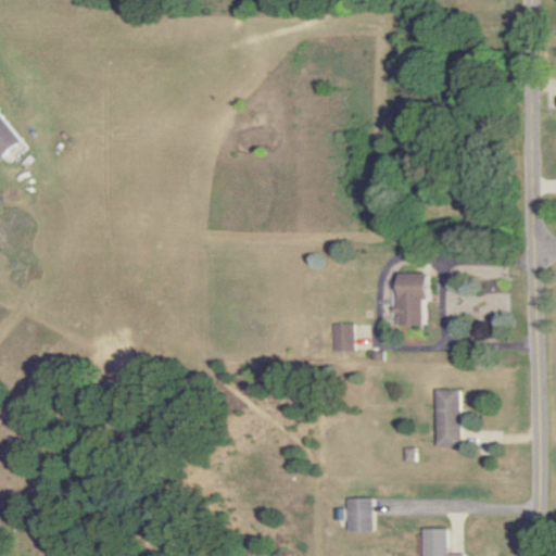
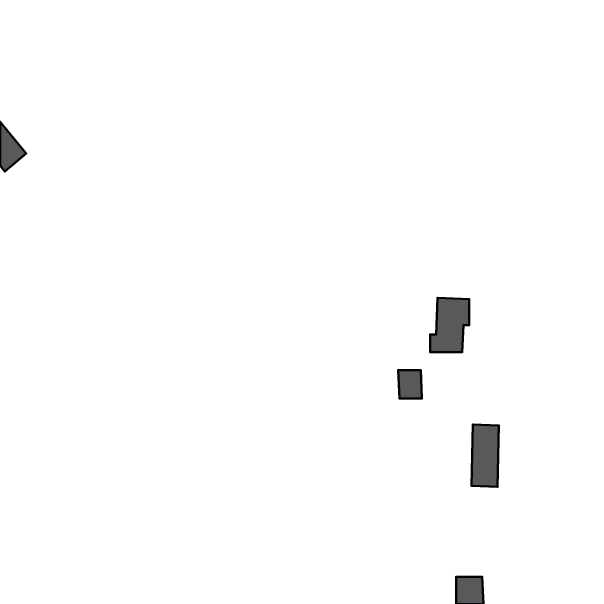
building: [334,325,356,351] -> [398,370,422,399]
building: [345,498,370,532] -> none

